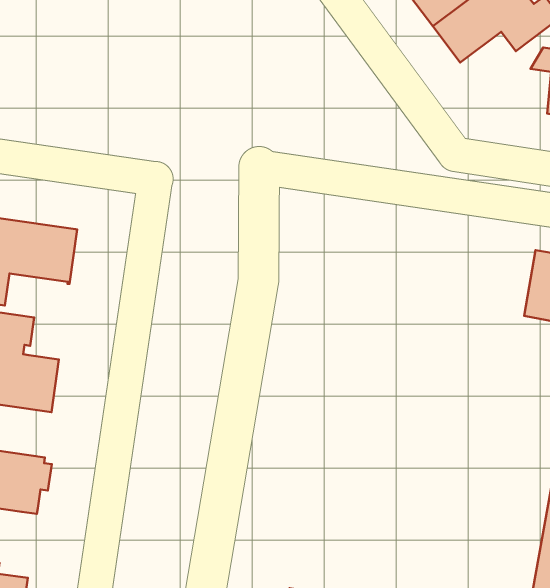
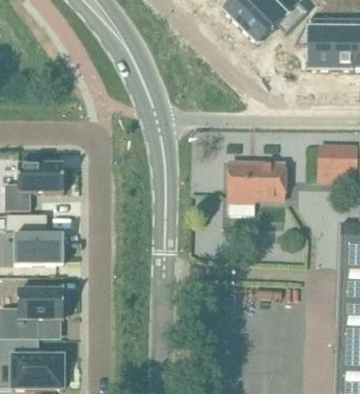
building: none -> [220,157,284,201]

